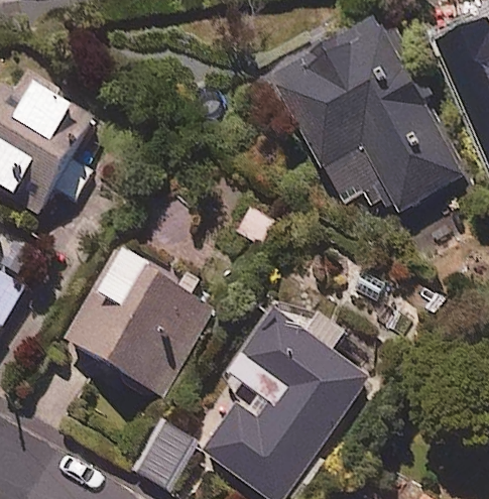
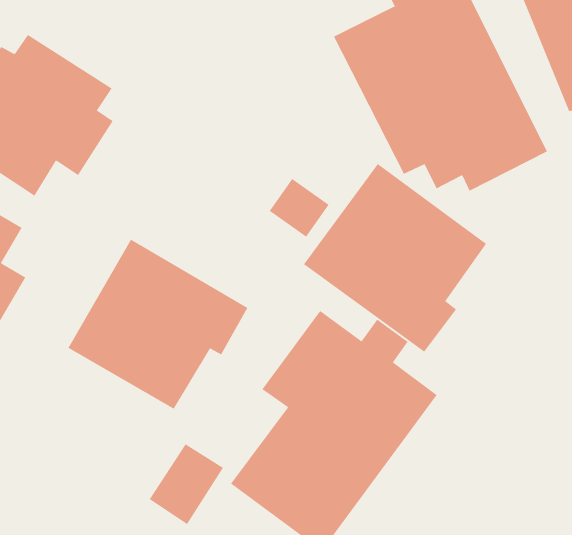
building: none -> [303,163,487,352]

